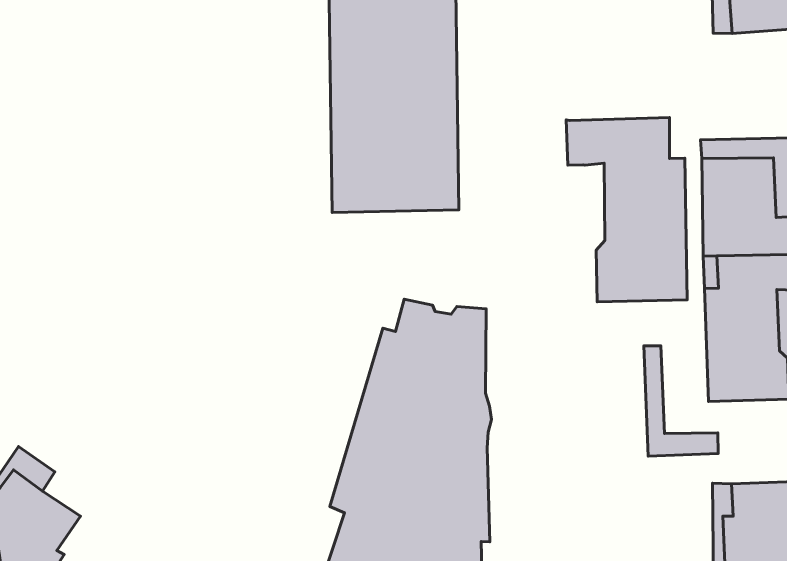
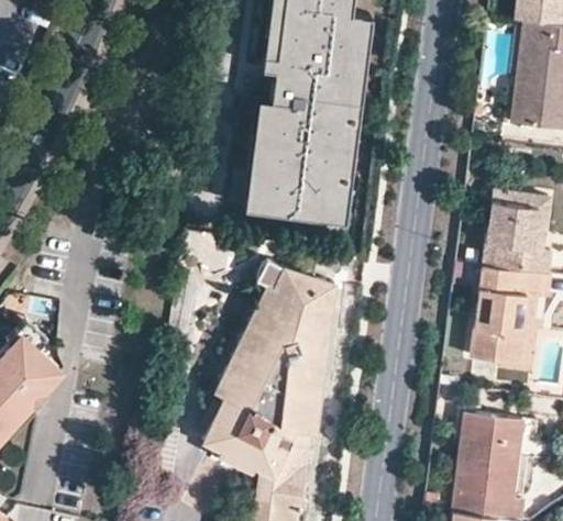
building: [566,118,687,302] -> none
building: [644,346,718,456] -> none

